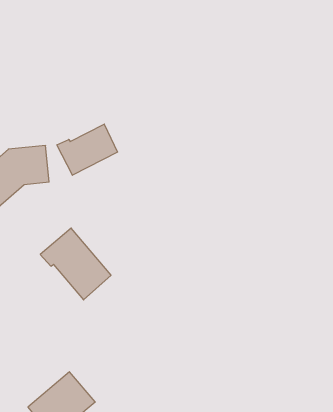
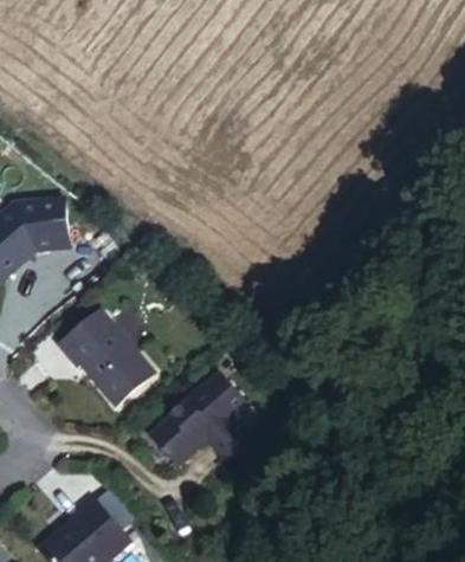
building: [57,124,118,175] -> none
building: none -> [151,373,253,464]

